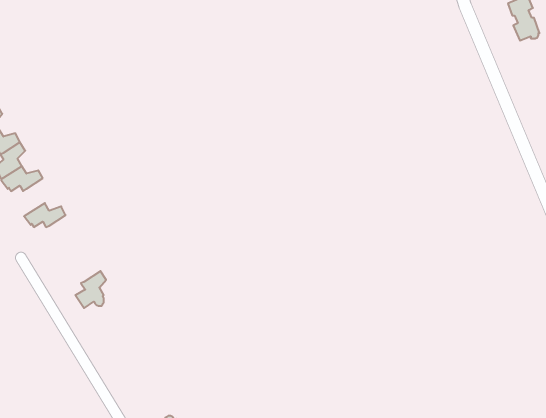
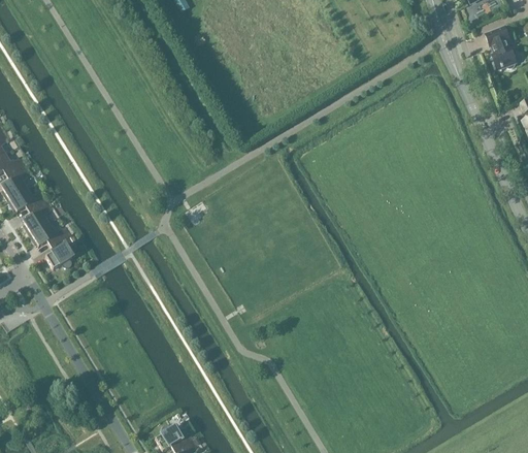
building: none -> [23,198,52,234]
building: [75,271,106,308] -> [44,233,73,268]

